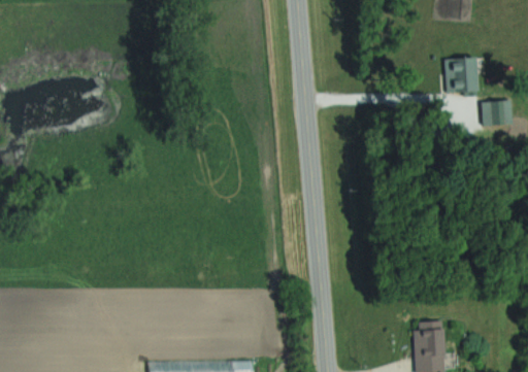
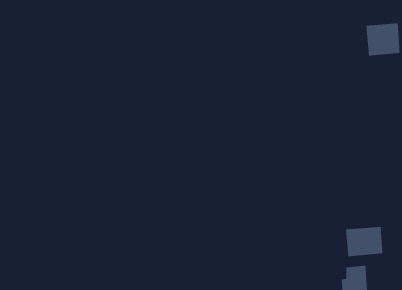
building: none -> [345,226,383,257]

